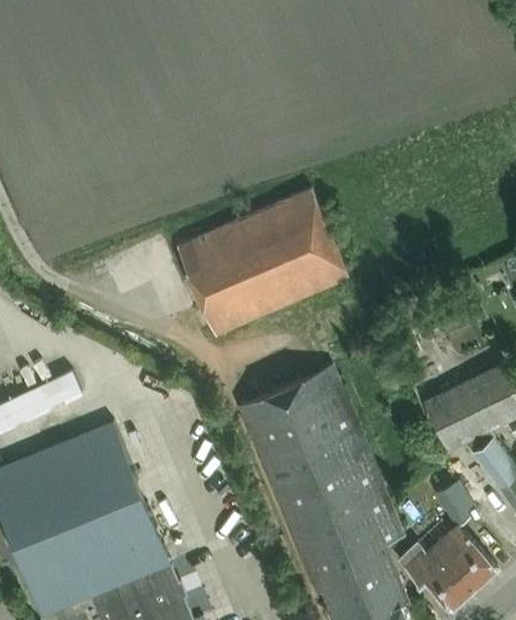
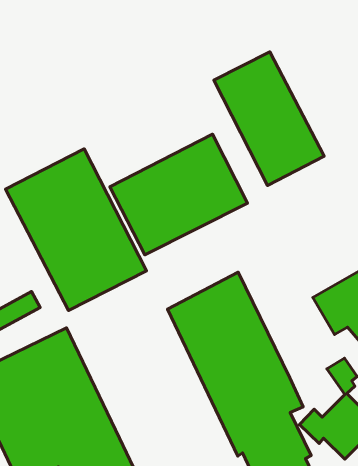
building: none -> [214,52,324,185]
building: none -> [5,149,146,310]

